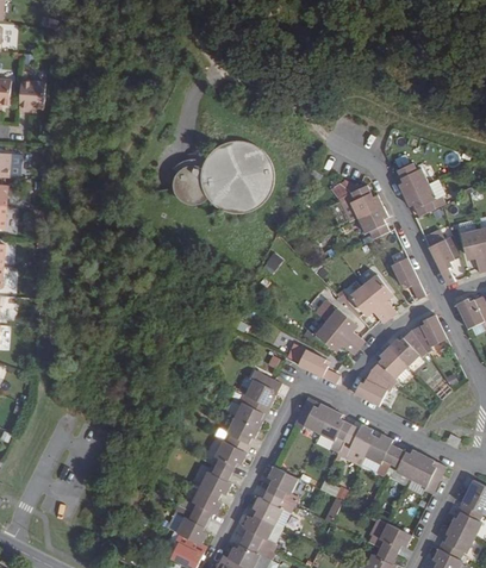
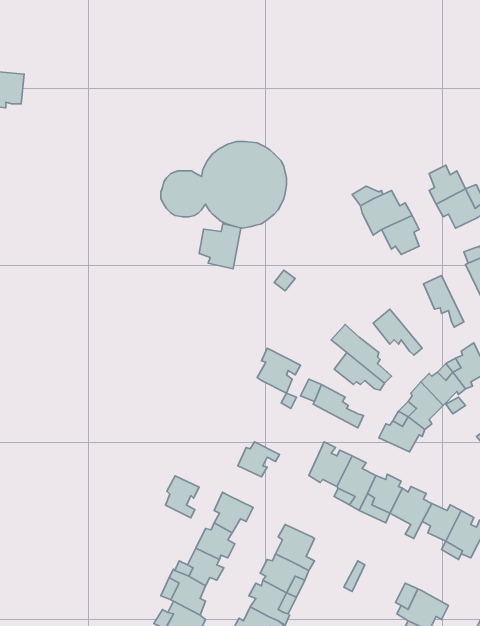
building: none -> [199,224,241,269]
building: [361,273,395,317] -> none
building: [242,369,279,407] -> [257,348,301,393]
building: [223,417,251,452] -> [166,476,199,518]

